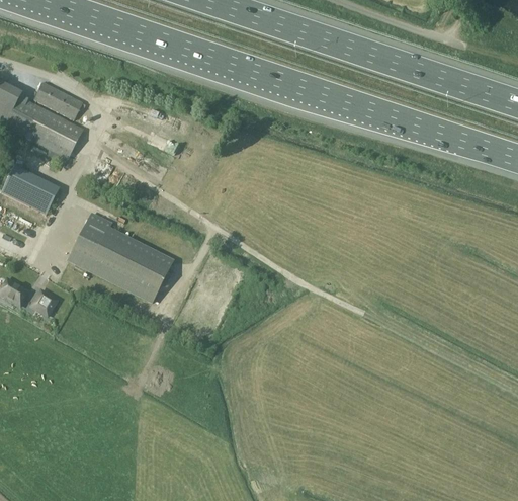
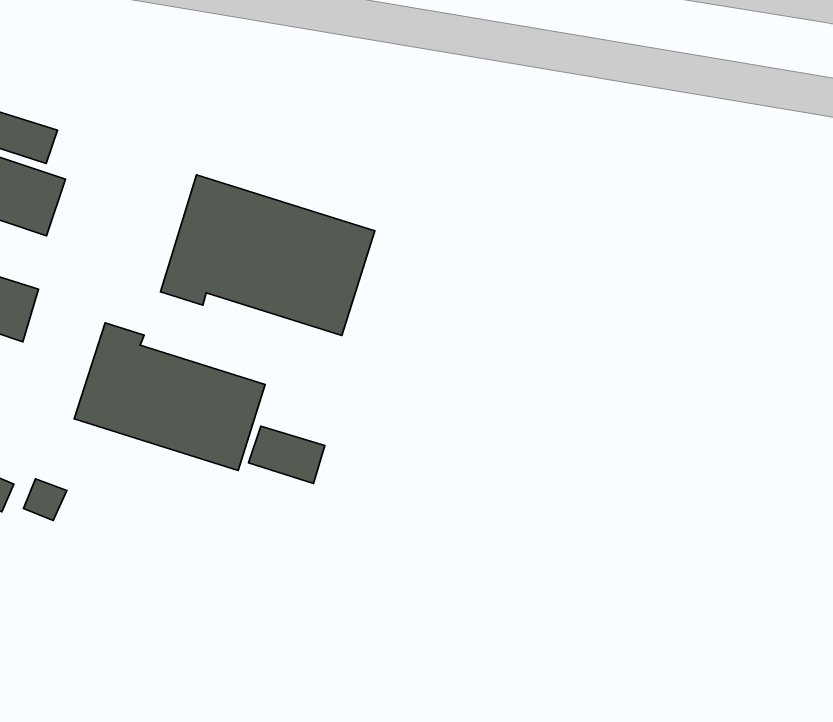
building: none -> [160,175,375,335]
building: none -> [249,426,325,483]

